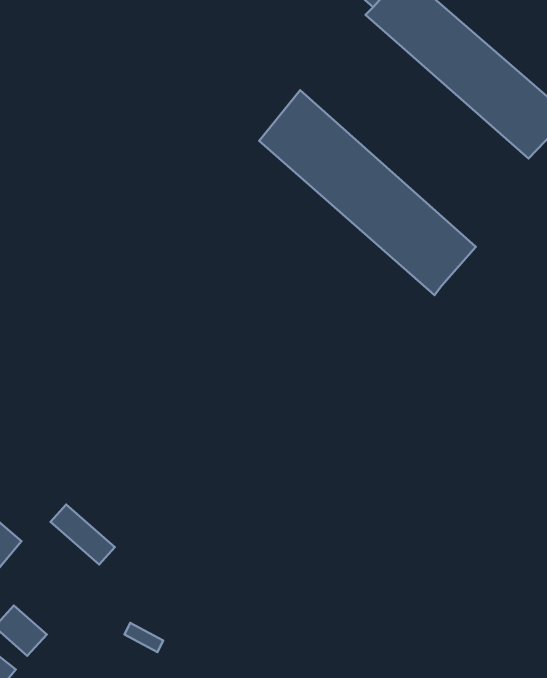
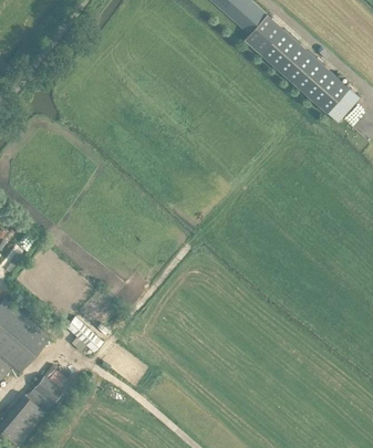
building: [259,90,476,295] -> none

